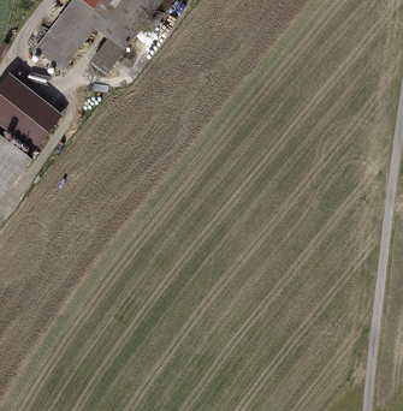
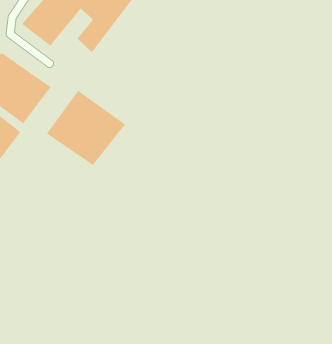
building: none -> [46,90,126,166]

